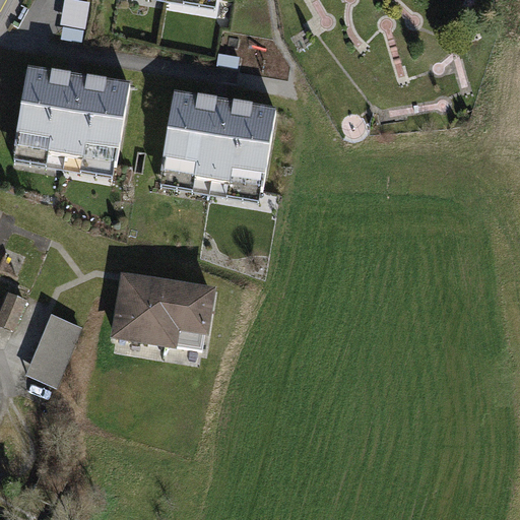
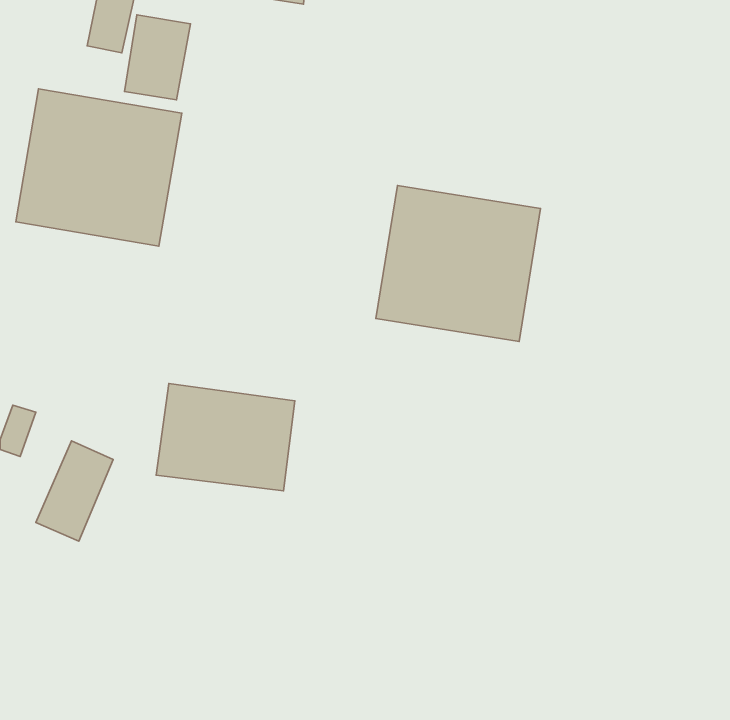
building: none -> [124,15,190,100]
building: [156,86,273,197] -> [376,185,541,341]

